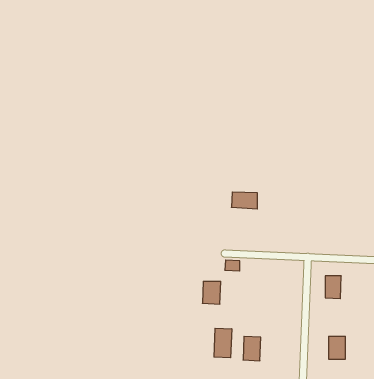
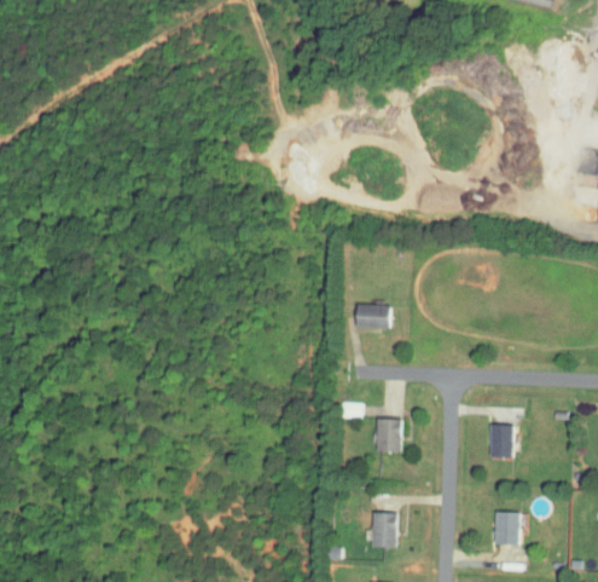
building: [202,281,221,304] -> [376,419,402,451]
building: [214,328,232,358] -> none

